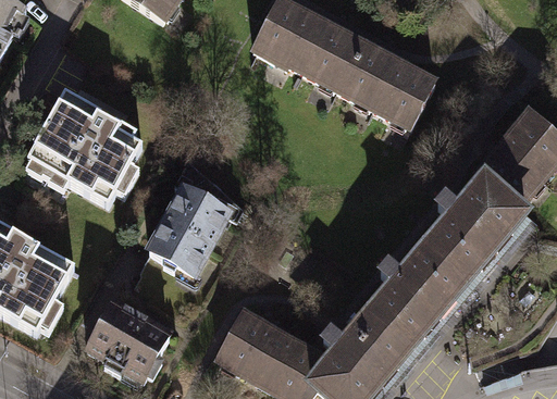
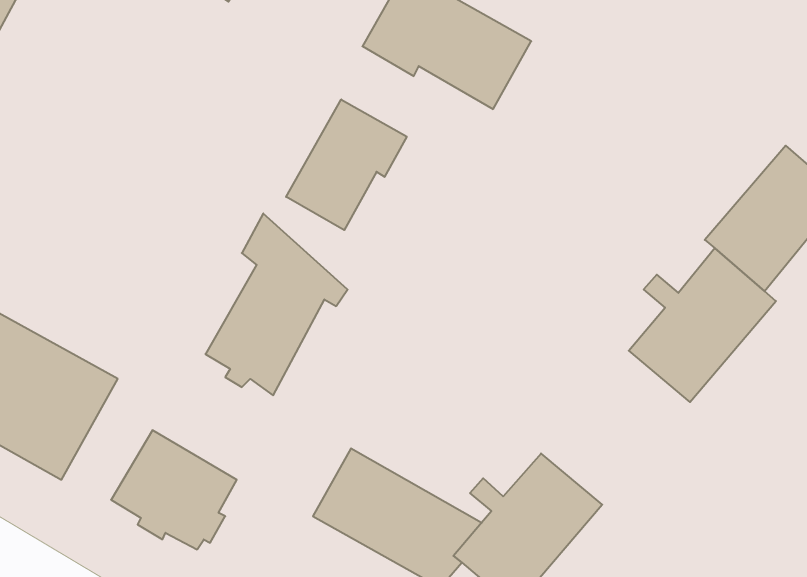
building: [336,46,432,127] -> none
building: none -> [286,99,407,230]
building: [29,93,140,198] -> none
building: [368,249,466,350] -> none

